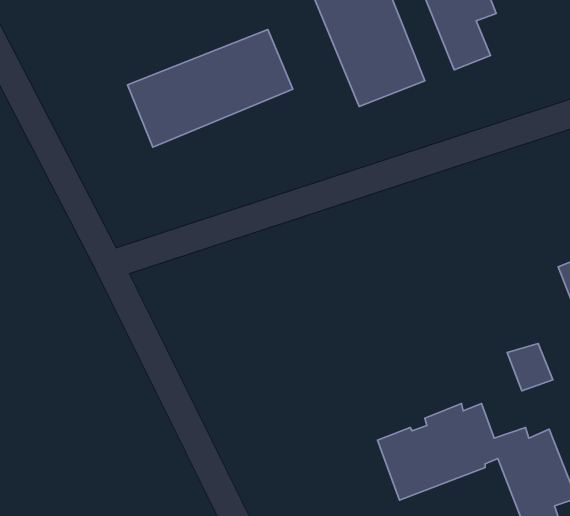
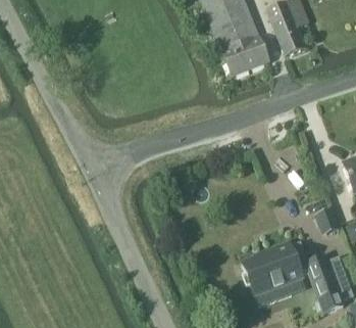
building: [128,29,293,147] -> none

